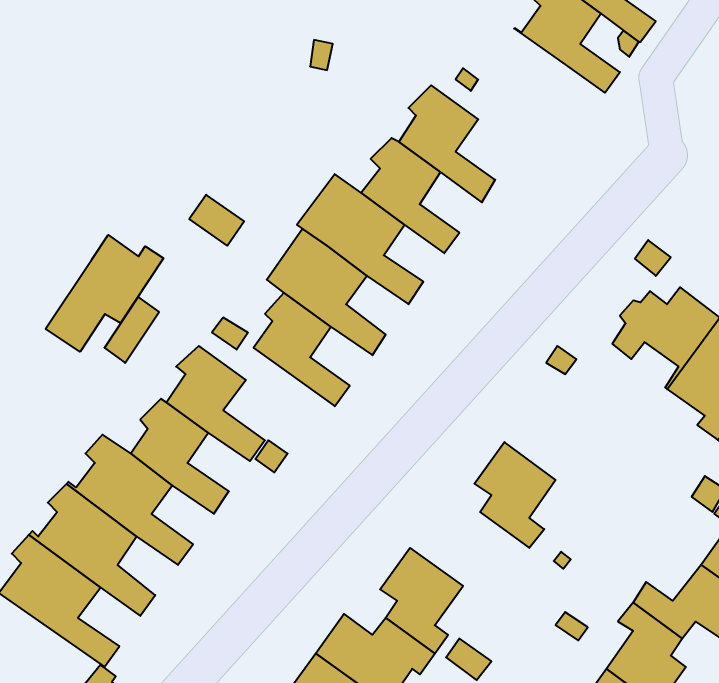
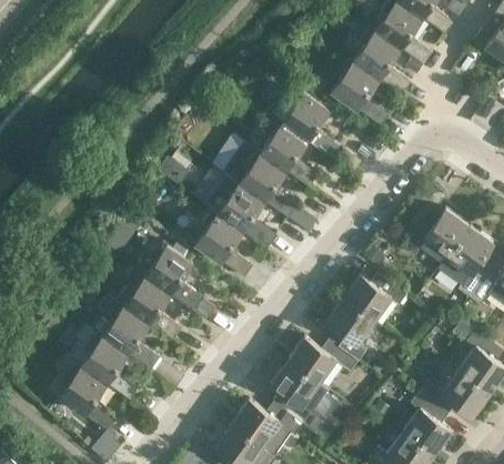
building: none -> [333,57,390,125]
building: [46,235,163,352] -> none
building: none -> [344,272,407,322]
building: none -> [289,339,359,384]

